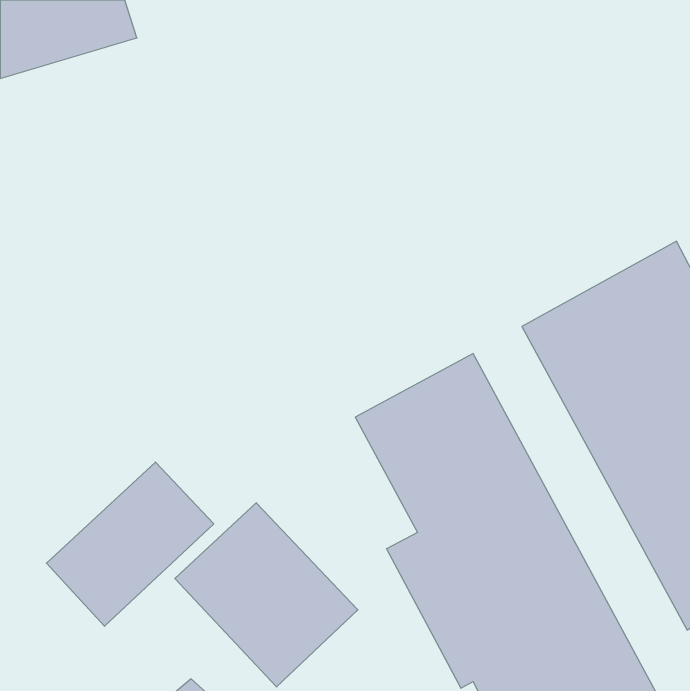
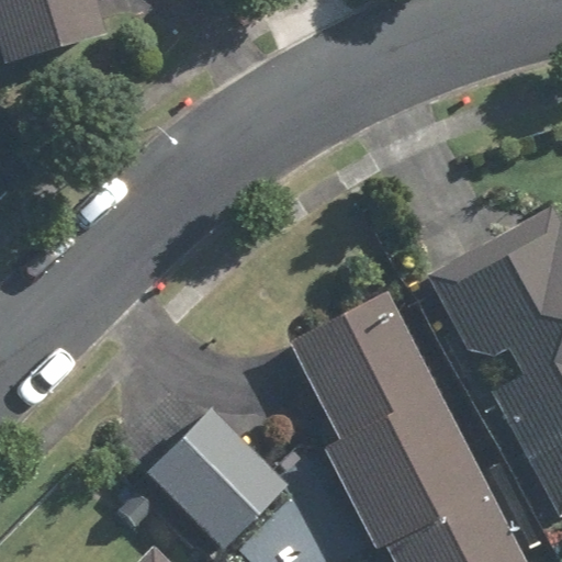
building: [46,462,214,626] -> none

